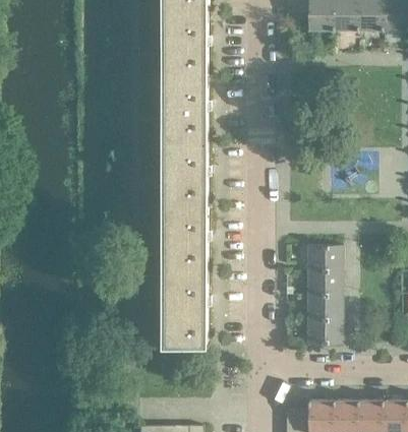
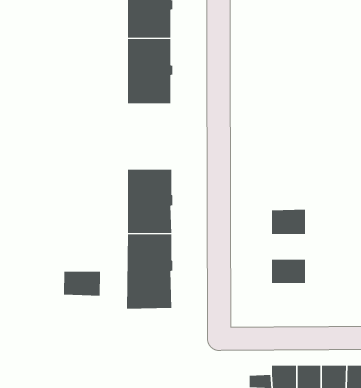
building: [162,140,208,205] -> none
building: [305,270,340,295] -> none
building: none -> [64,271,101,297]
building: [305,319,340,344] -> none

